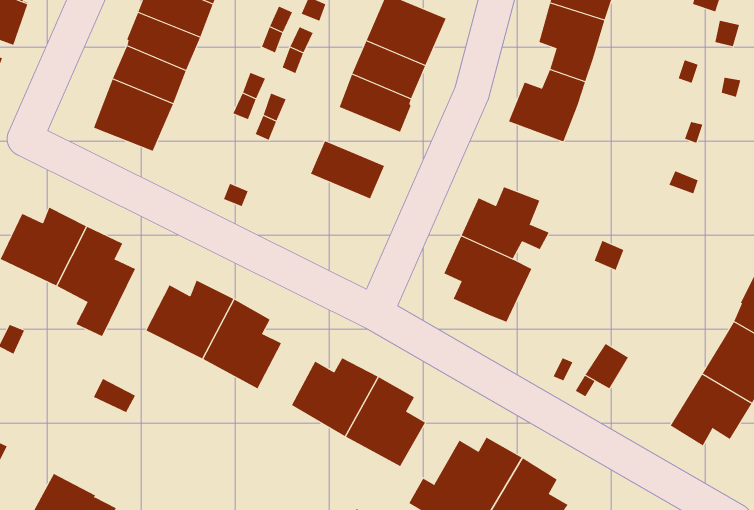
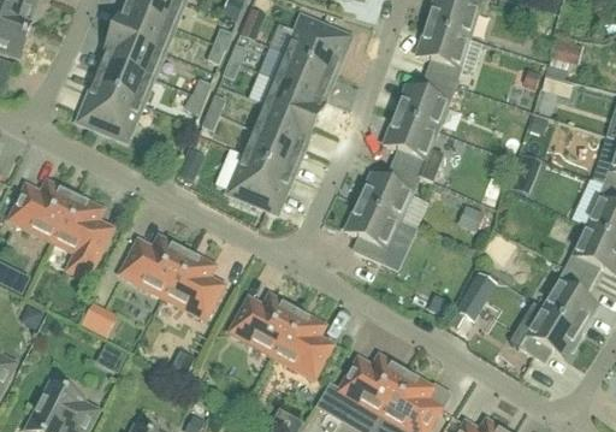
building: none -> [255,103,313,148]
building: none -> [384,114,437,174]
building: none -> [230,154,290,209]

